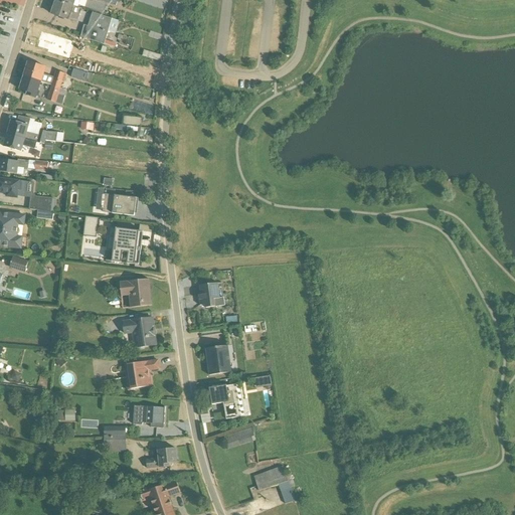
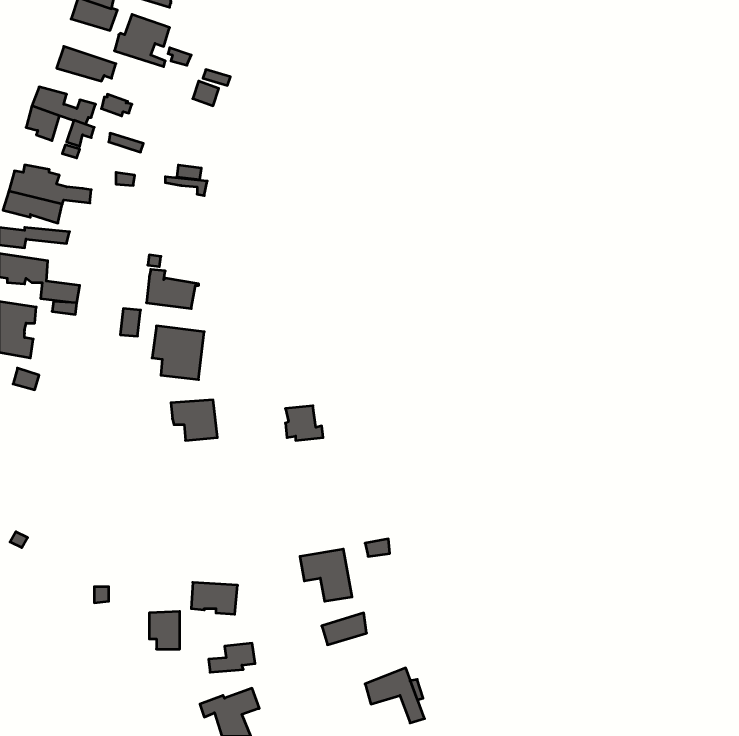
building: [122,316,155,346] -> none
building: [205,344,231,373] -> none
building: [123,357,160,388] -> none

